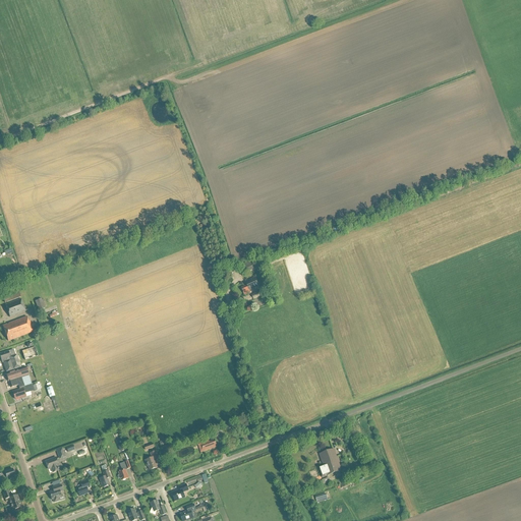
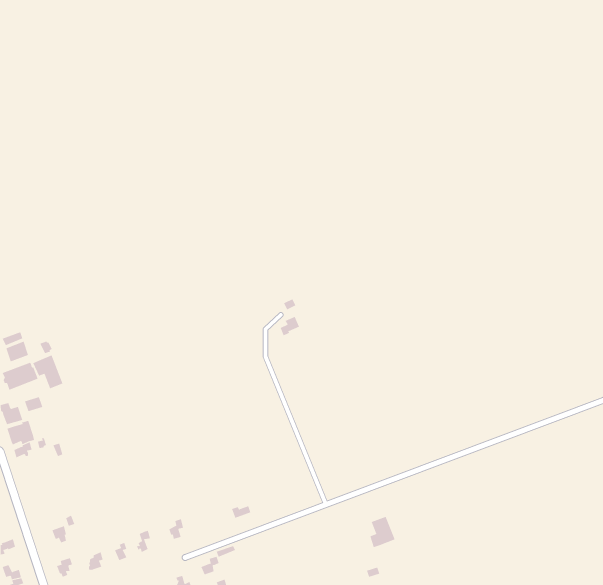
building: none -> [32,355,63,389]

